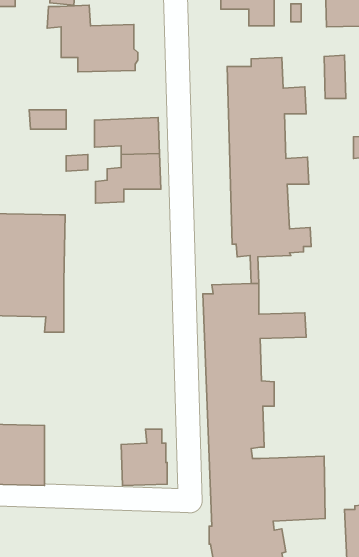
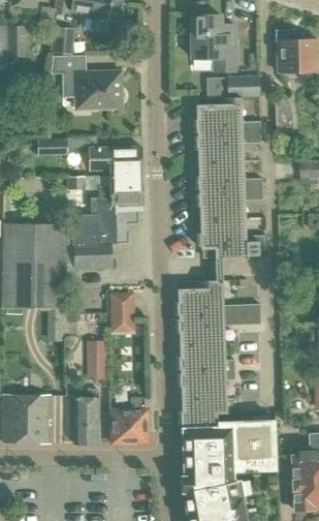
building: none -> [227,76,259,97]
building: none -> [73,214,117,268]
building: none -> [111,294,131,332]
building: none -> [88,341,105,378]
building: none -> [74,397,99,443]

